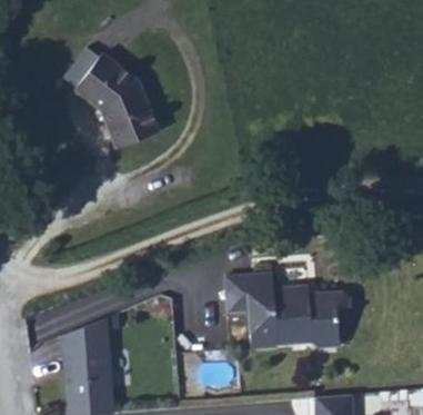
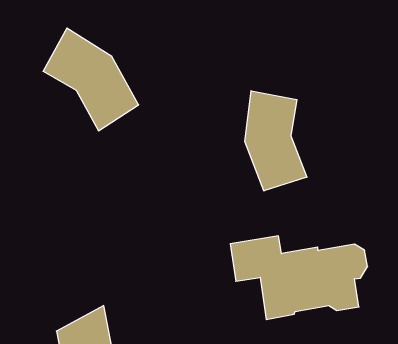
building: none -> [245,91,307,191]

